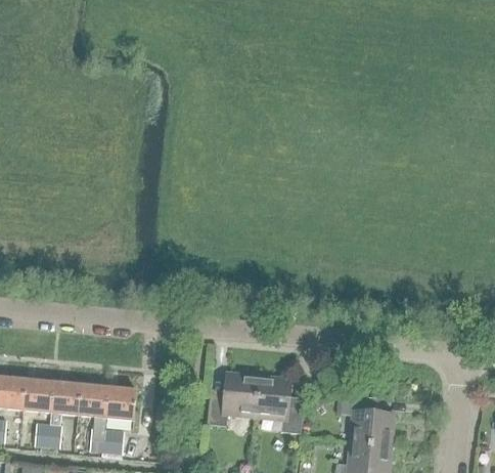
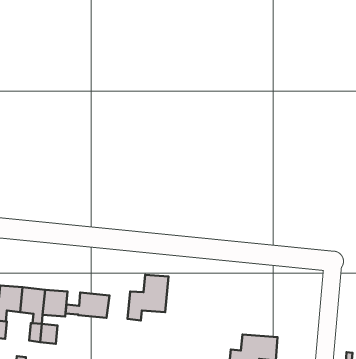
building: [256,371,304,432] -> none
building: none -> [65,292,109,318]
building: [341,395,397,445] -> none

